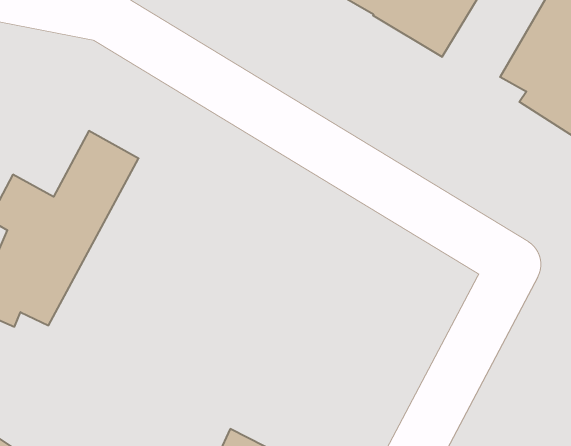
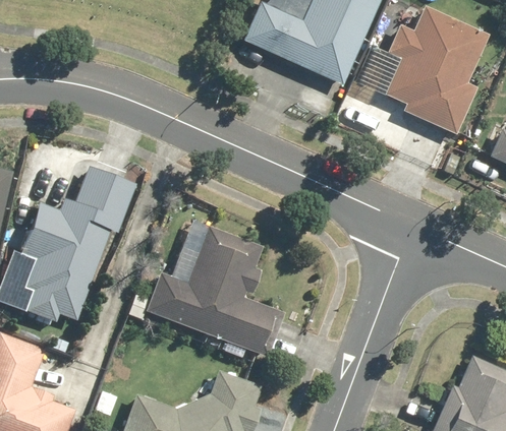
building: none -> [146,229,280,354]

